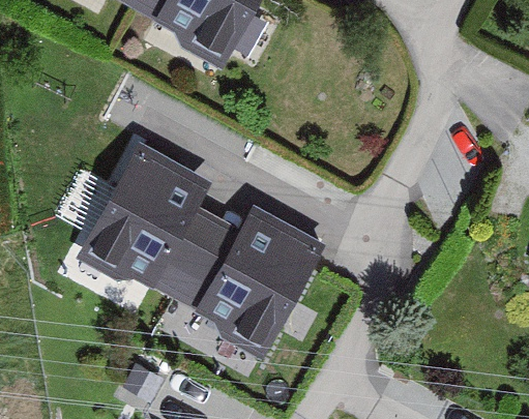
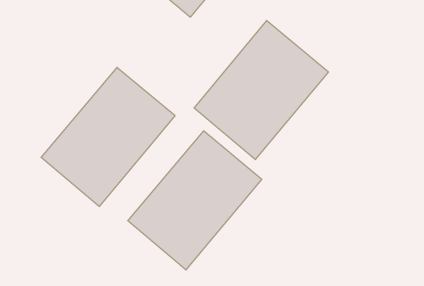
building: none -> [194,20,328,160]

